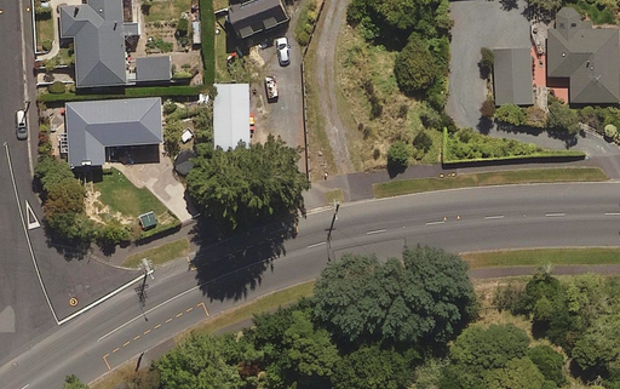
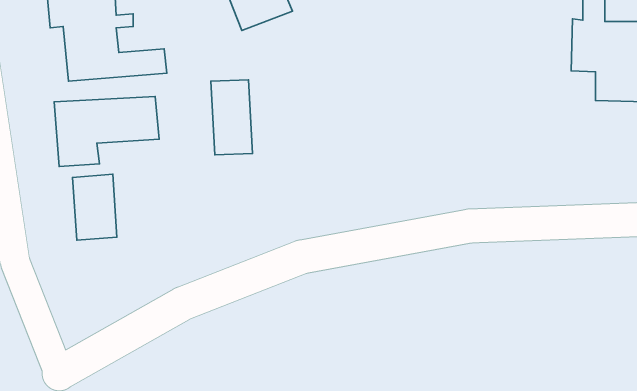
building: [496,48,532,104] -> none
building: none -> [73,174,117,240]

